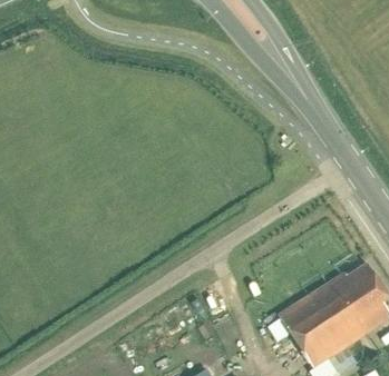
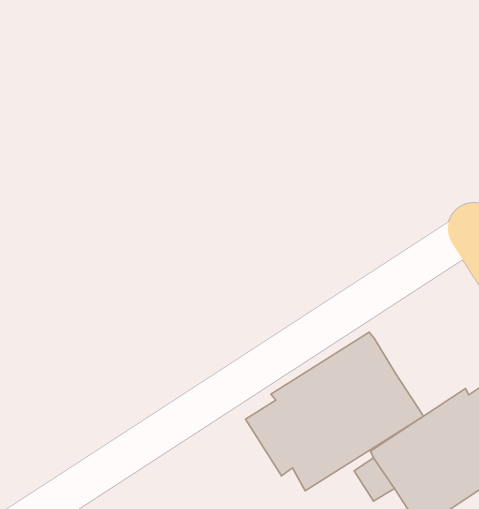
building: none -> [246,332,423,491]

